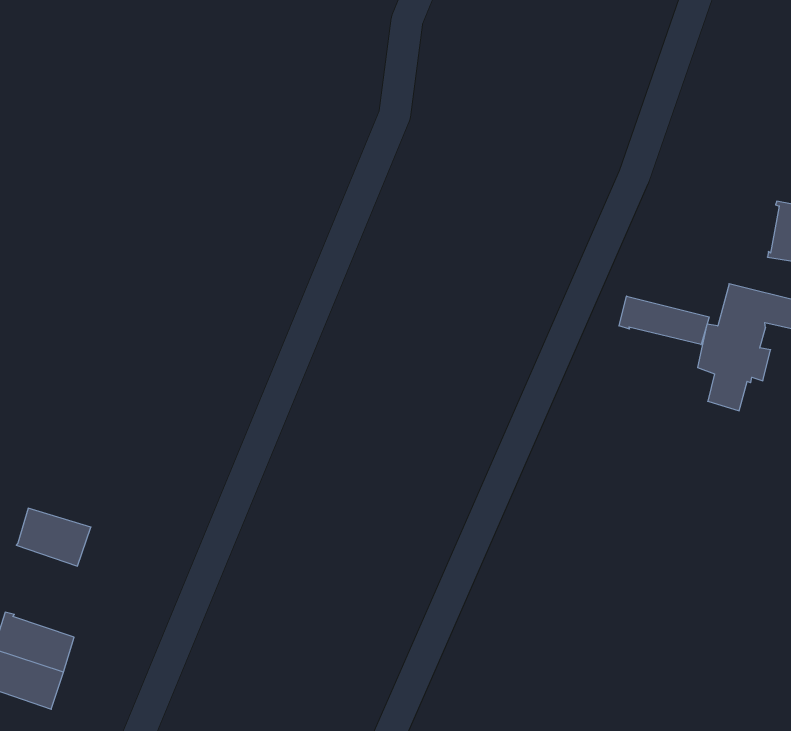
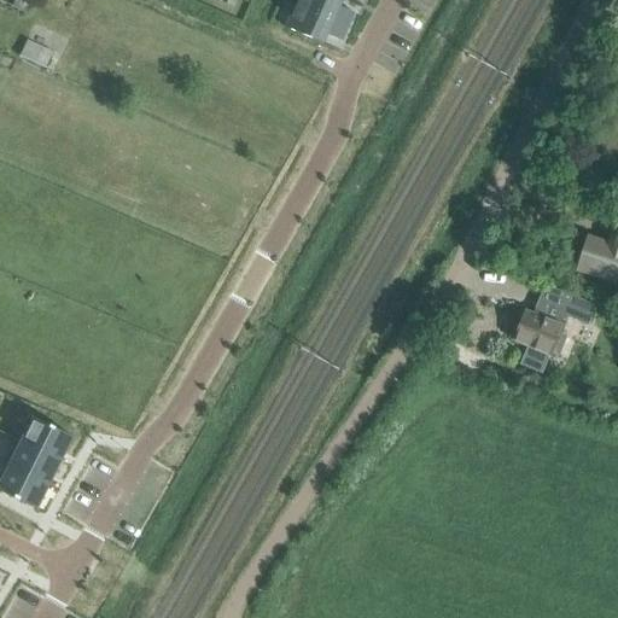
building: [619,296,709,345] -> none
building: [16,508,91,566] -> [21,415,74,460]

